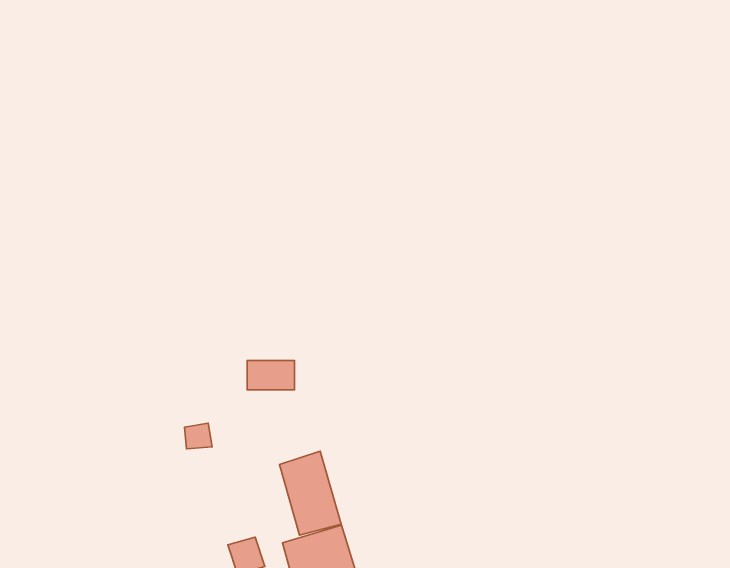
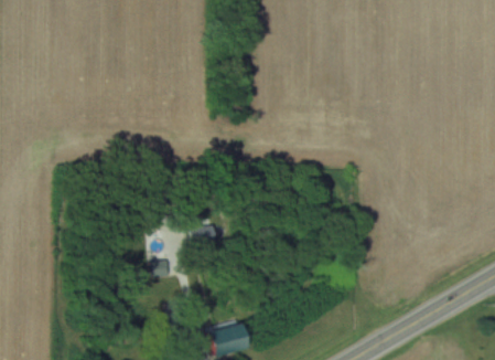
building: [280,451,341,535] -> none

